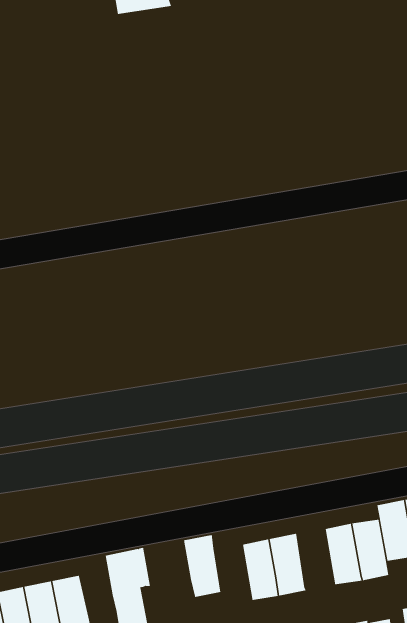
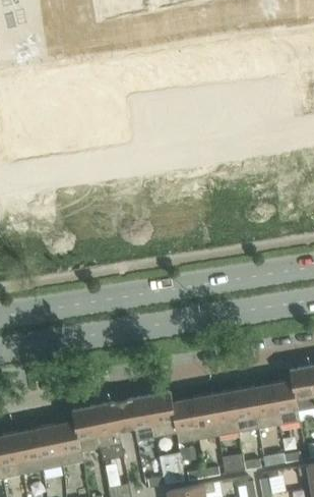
building: none -> [231,387,258,432]
building: none -> [120,395,156,440]
building: none -> [171,398,198,443]
building: none -> [71,406,100,451]

